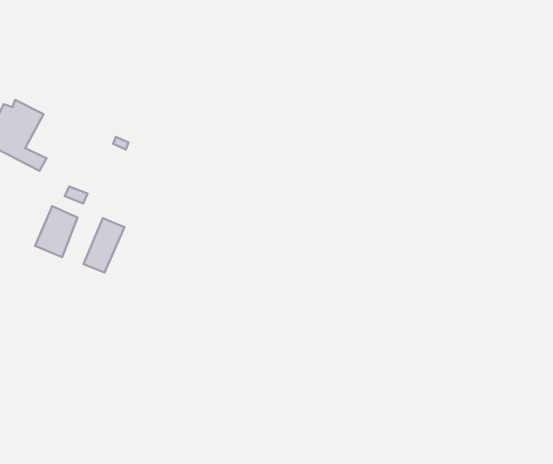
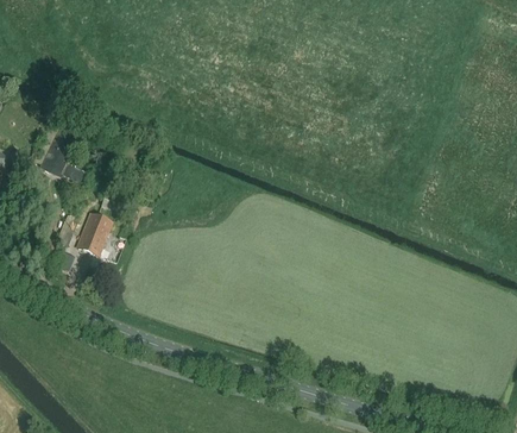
building: [84,218,125,272] -> none

